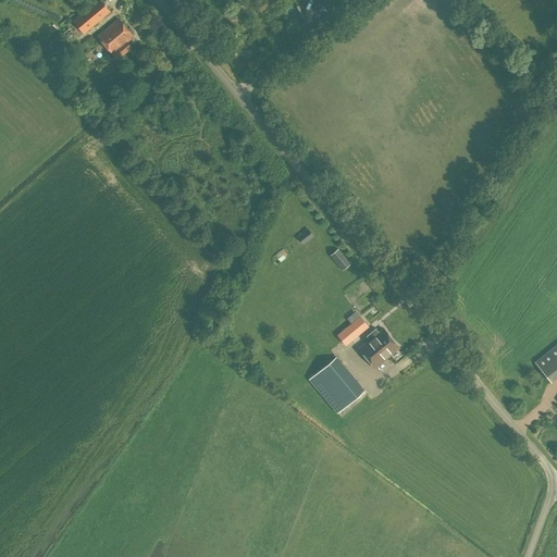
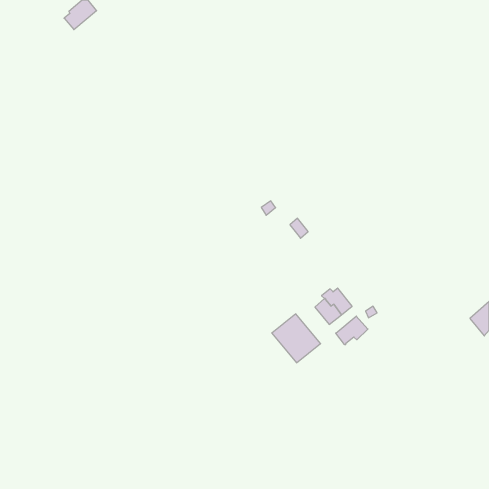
building: [98,18,133,60] -> none
building: [336,311,369,346] -> none
building: none -> [336,316,368,345]

